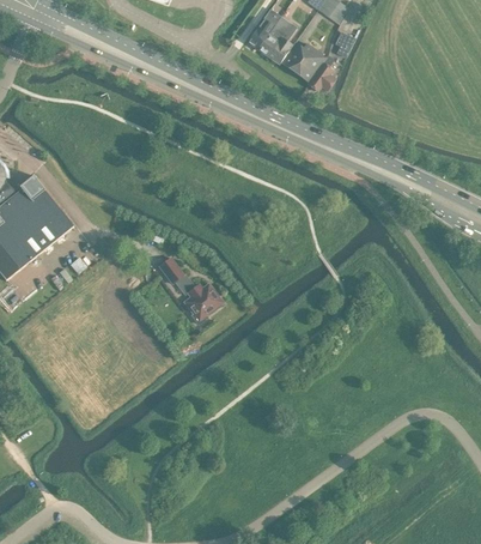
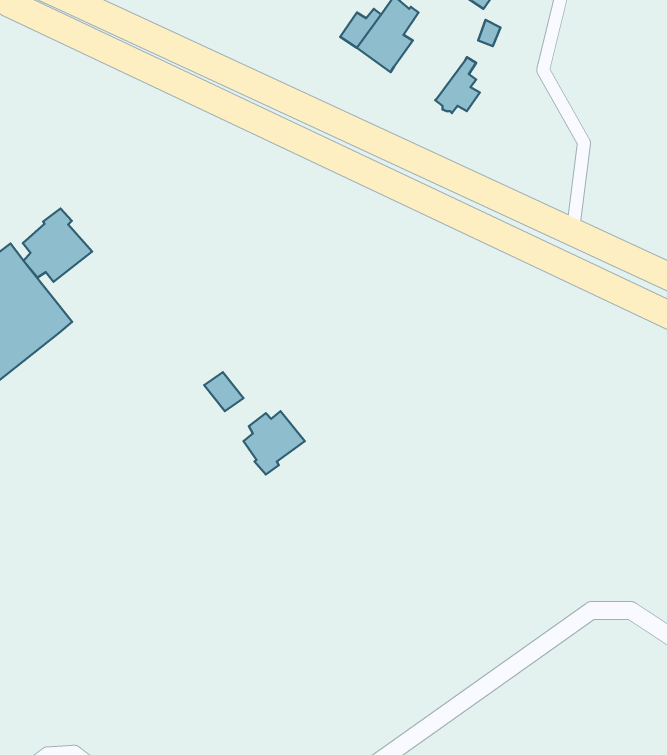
building: [280,41,325,80] -> none
building: none -> [23,208,92,282]

